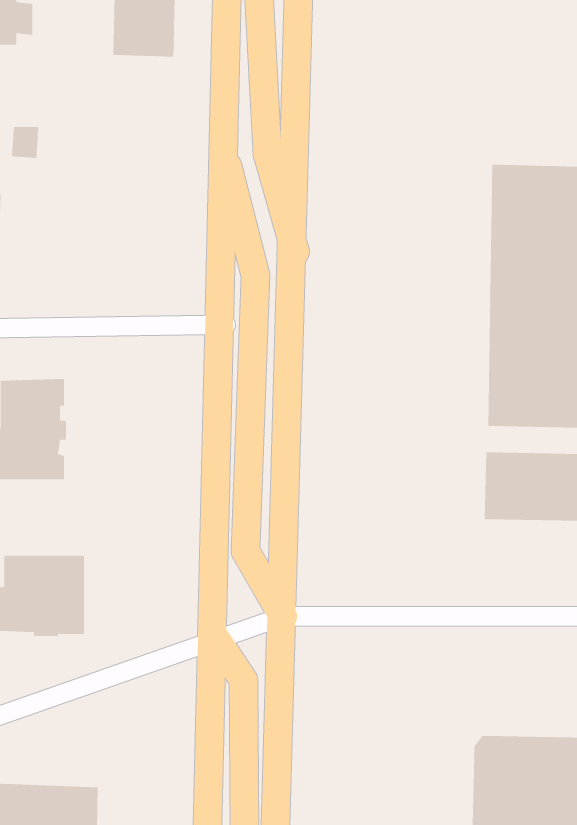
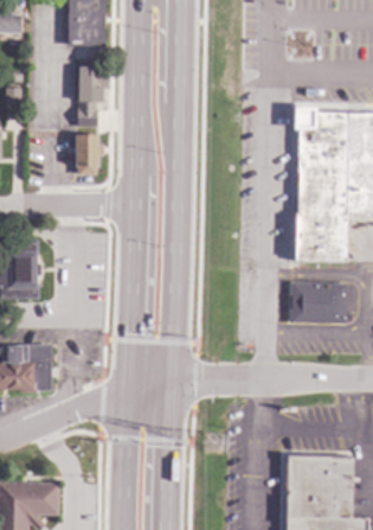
building: none -> [77,66,109,127]
building: none -> [76,135,99,174]

